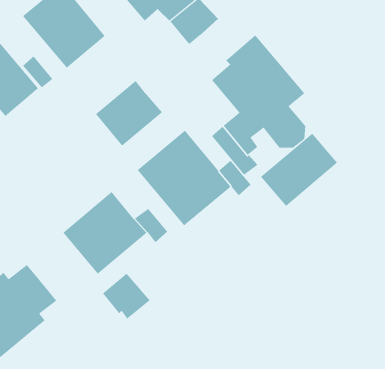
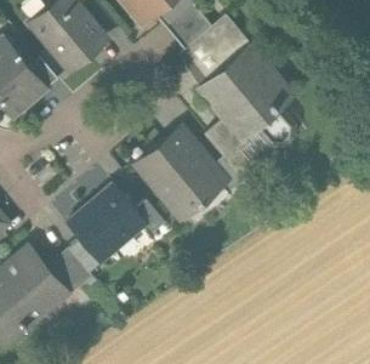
building: none -> [198,16,246,64]
building: [95,80,163,146] -> none
building: [260,133,338,207] -> none
building: [102,273,150,320] -> [46,249,91,292]

